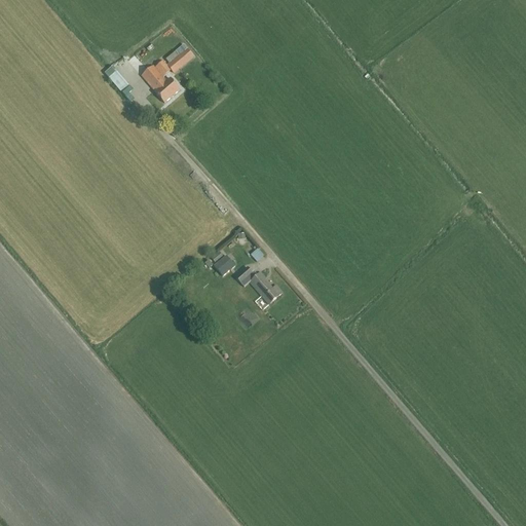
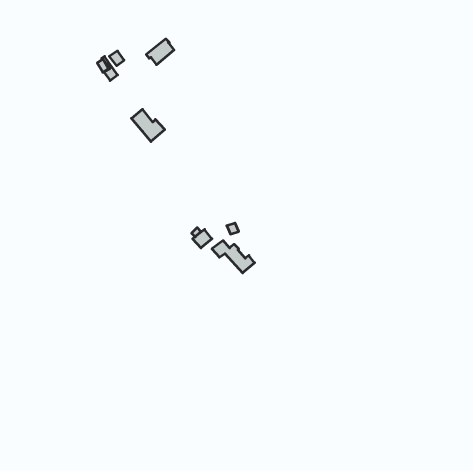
building: [143,66,180,102] -> [131,109,165,142]

